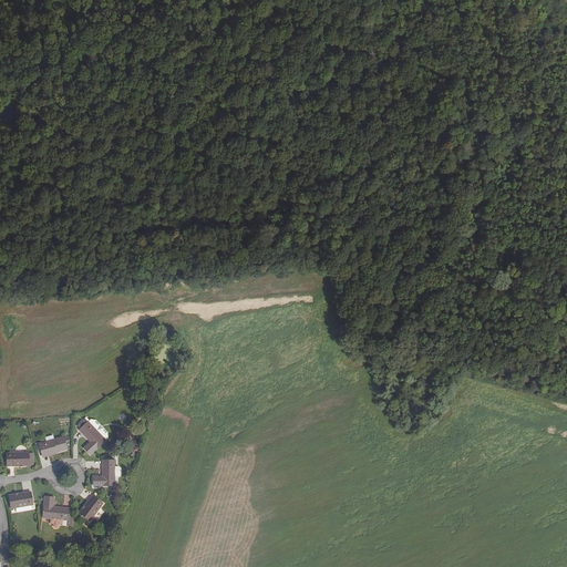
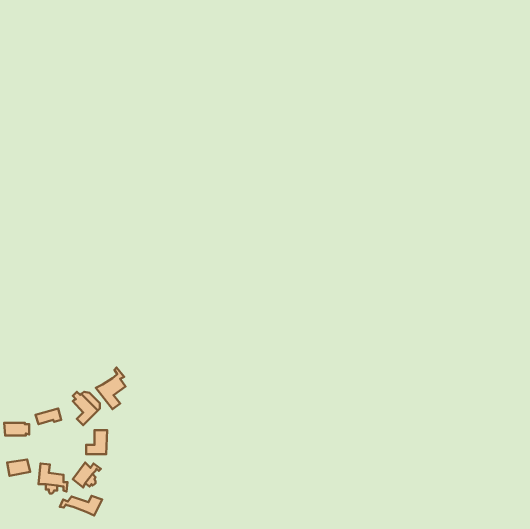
building: none -> [96,367,125,409]
building: none -> [60,496,102,516]

